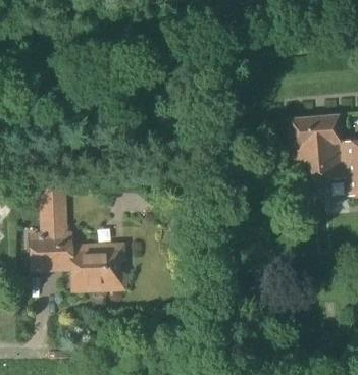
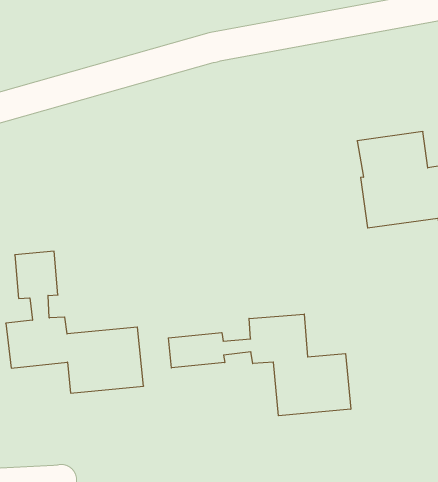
building: none -> [168,314,351,416]

